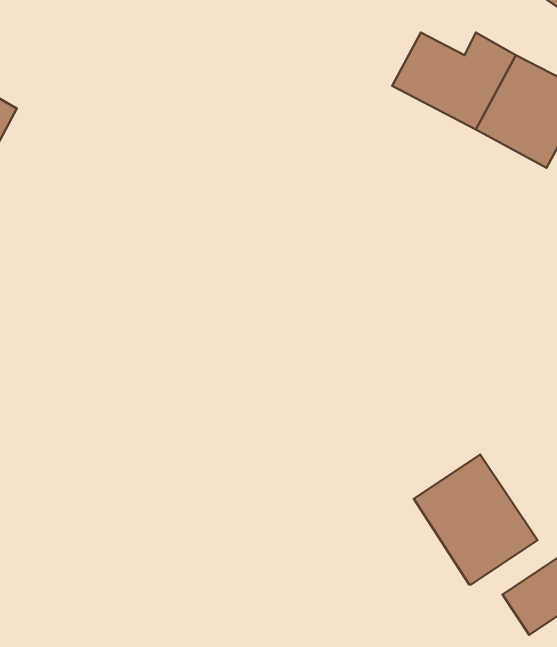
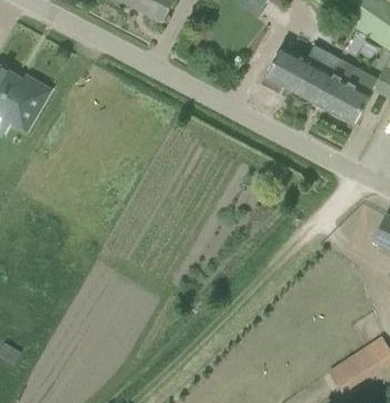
building: [414,455,537,585] -> none

